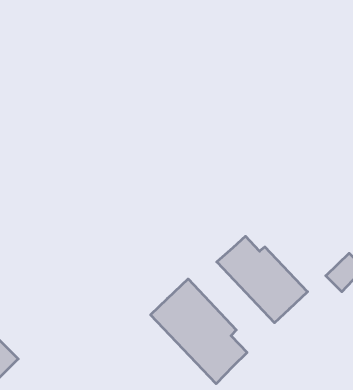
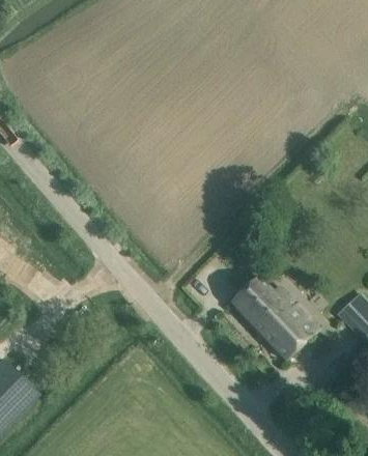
building: [151,279,247,384] -> none

